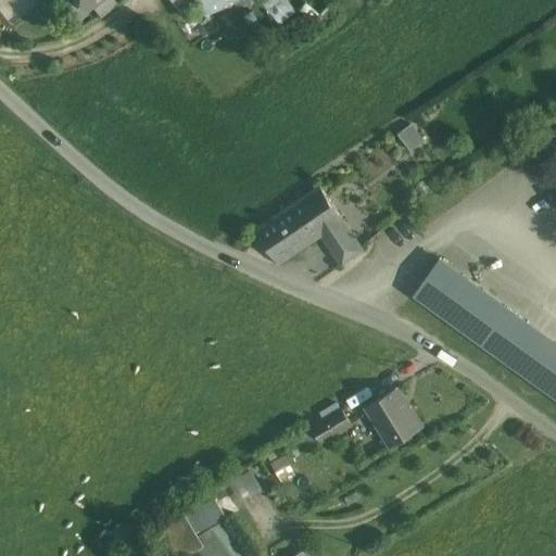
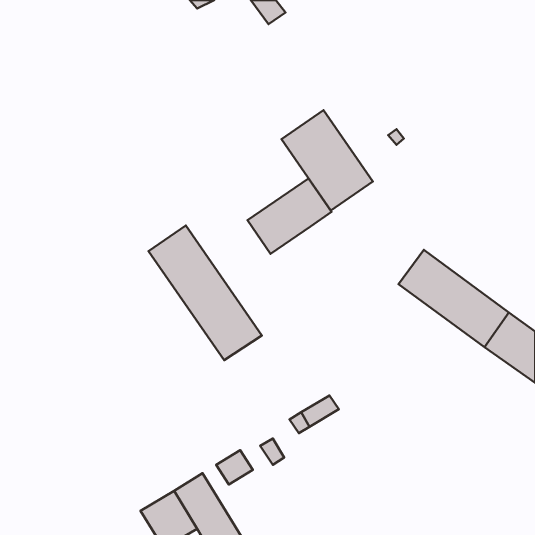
building: none -> [282,110,373,210]
building: [321,220,364,266] -> none
building: none -> [148,226,262,360]
building: [365,389,421,446] -> none

